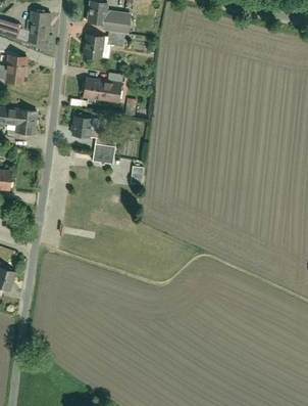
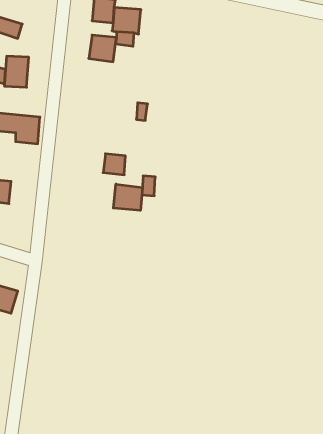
building: [27,11,49,44] -> none
building: [84,79,122,101] -> none
building: [72,116,94,137] -> none
building: none -> [113,184,142,210]

